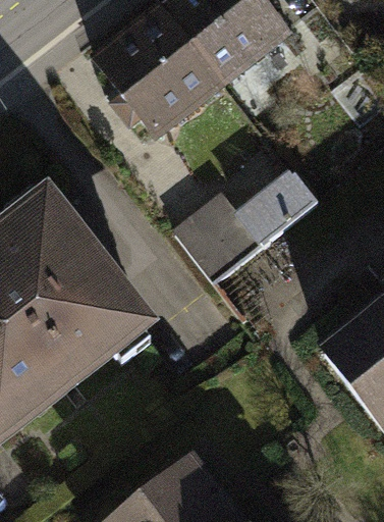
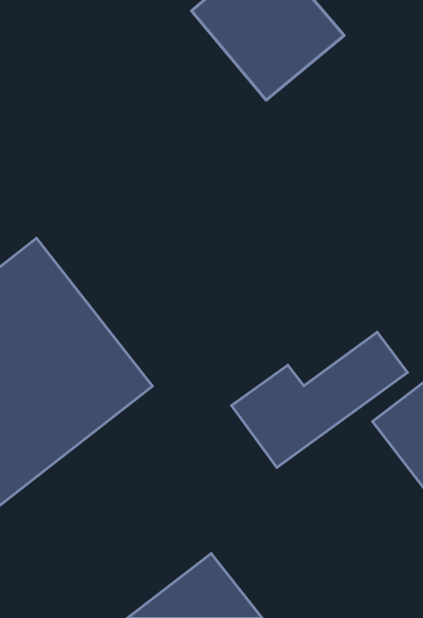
building: [109,9,236,139] -> none
building: [183,169,330,282] -> [232,332,408,468]

